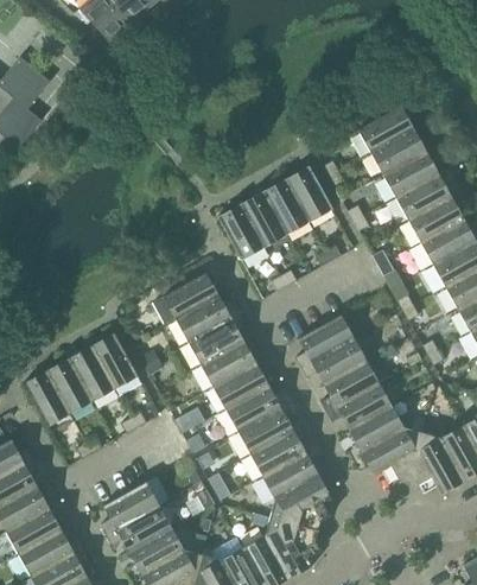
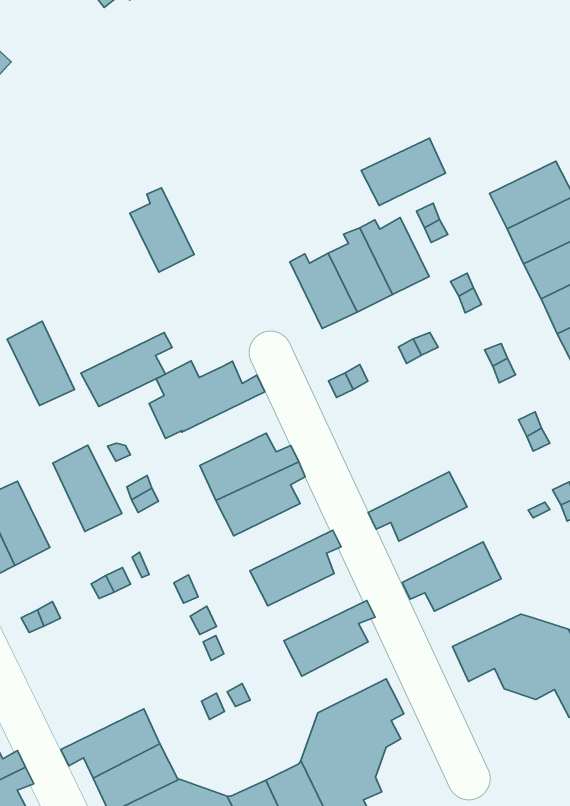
building: [357,106,413,152] -> [361,138,446,206]
building: [221,204,265,260] -> [130,188,194,272]
building: [176,291,235,342] -> [81,333,172,406]
building: [295,314,354,367] -> none
building: [69,345,115,401] -> [7,321,75,406]
building: [320,360,379,412] -> none
building: [214,363,279,409] -> none
building: [349,406,406,452] -> none
building: [238,408,304,454] -> none
building: [263,452,319,501] -> none
building: [101,482,160,534] -> none

